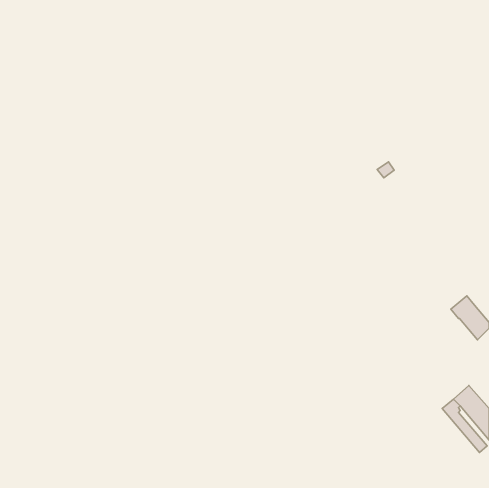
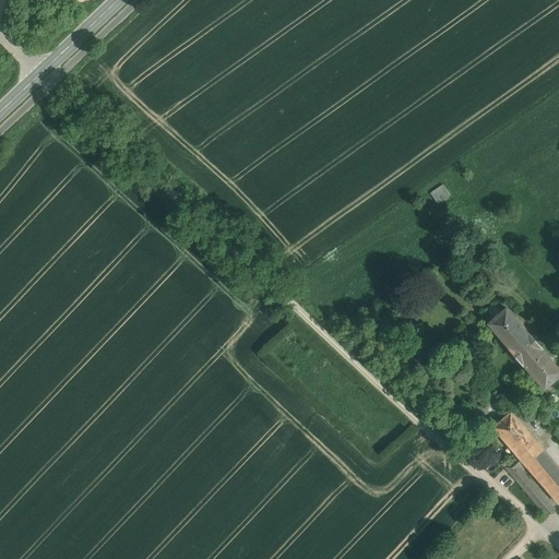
building: none -> [489,309,533,354]
building: none -> [493,413,535,456]

